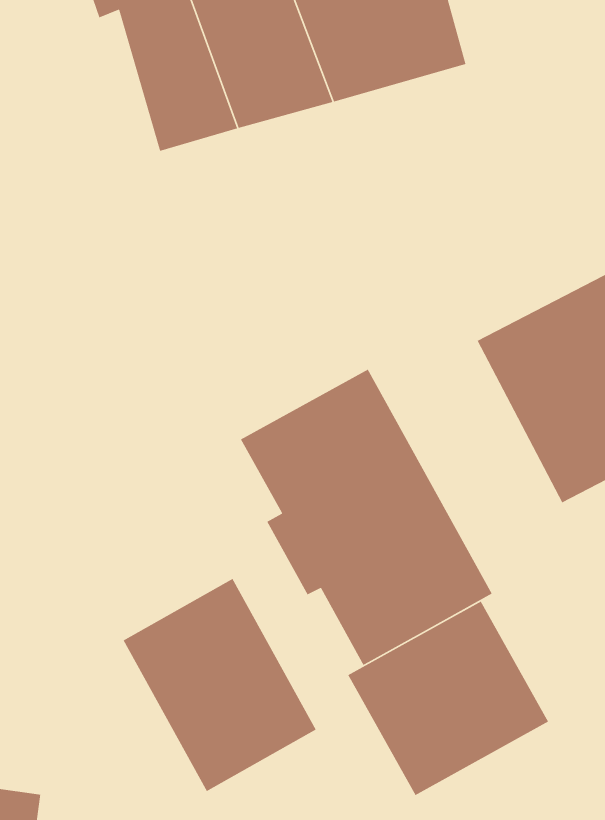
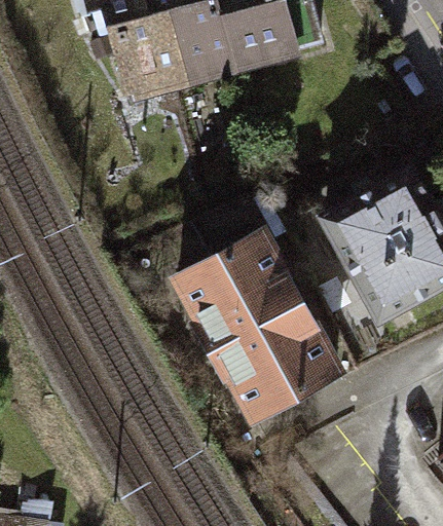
building: [122,578,317,792] -> none
building: [347,600,549,796] -> none

